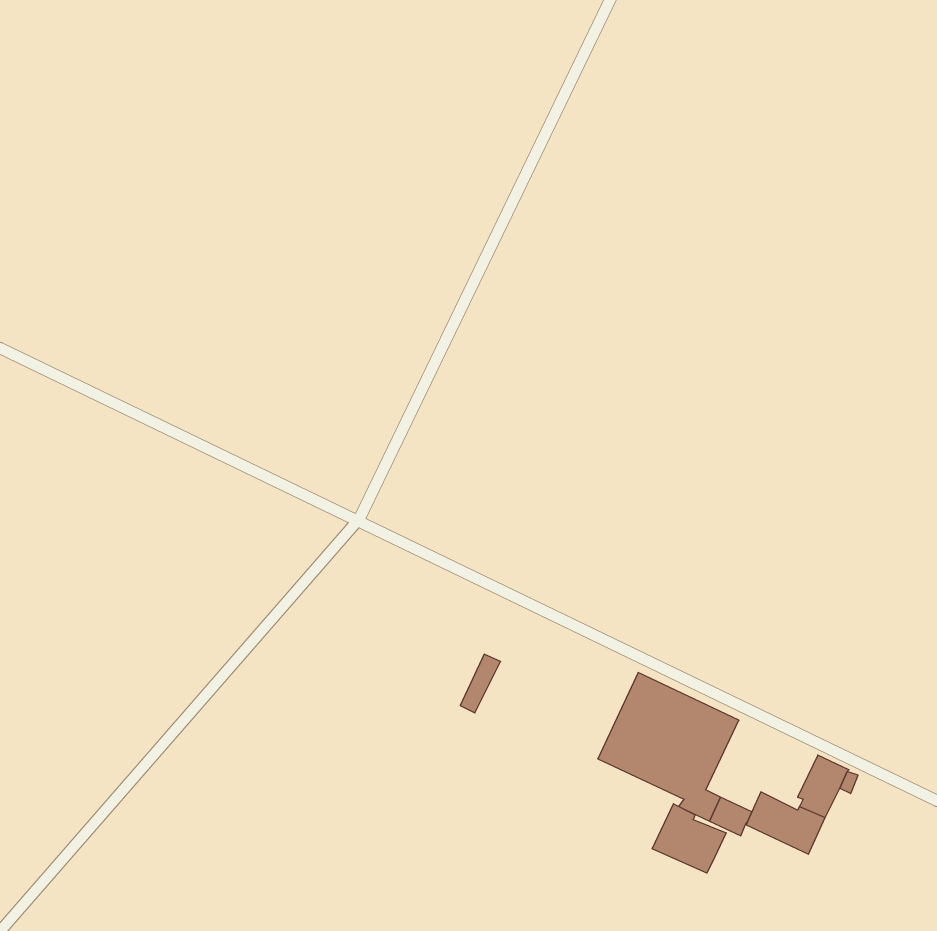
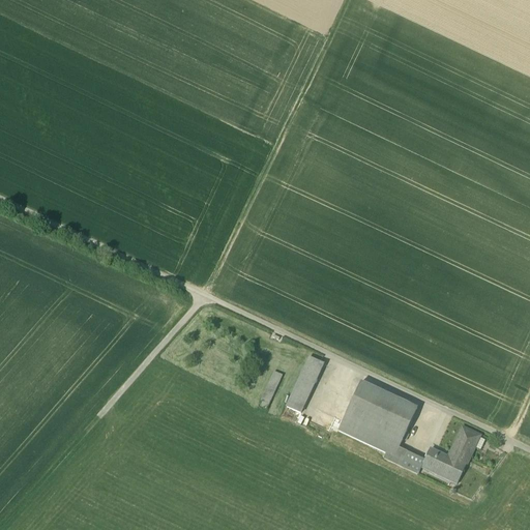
building: none -> [287,356,323,411]
building: [652,804,726,873] -> none

